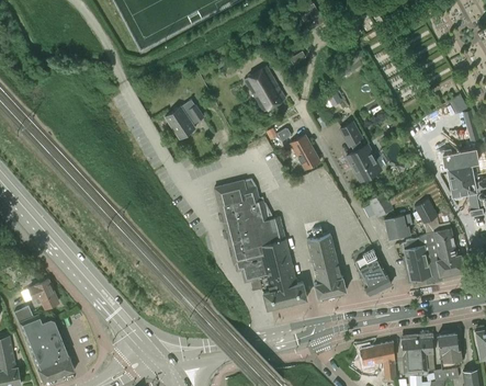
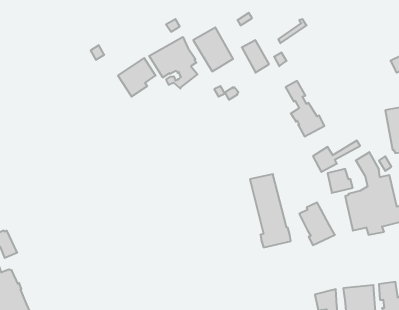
building: none -> [149,37,197,89]
building: [291,136,319,170] -> [242,40,269,73]
building: [214,180,306,308] -> none

